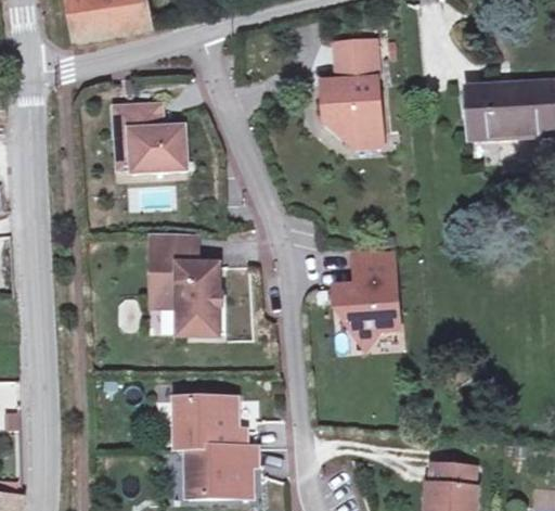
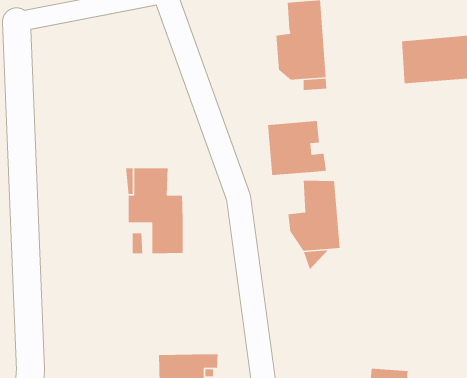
building: [113,103,186,171] -> none
building: none -> [267,120,327,176]
building: [176,398,246,448] -> none

